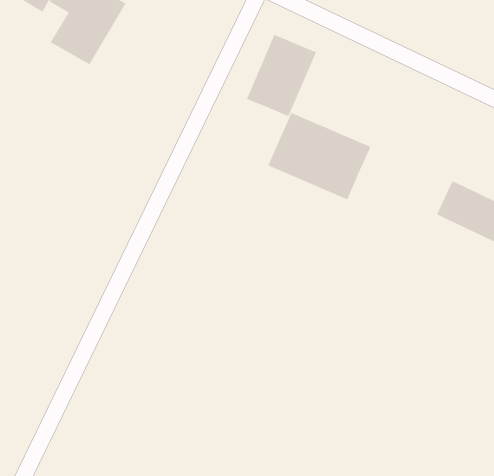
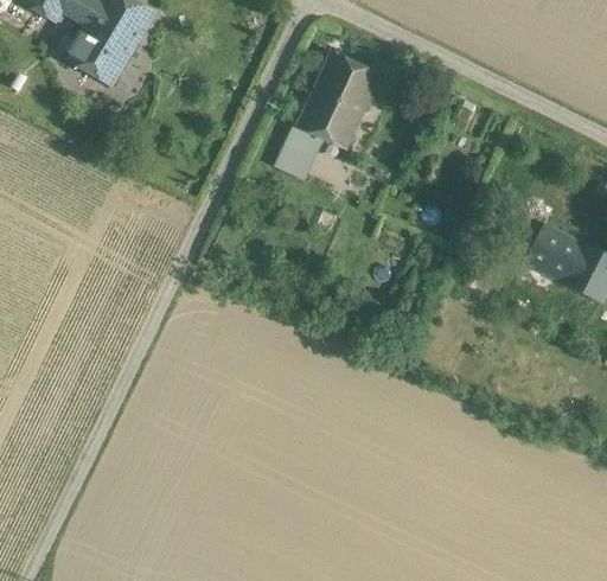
building: none -> [280,126,324,178]
building: [267,112,371,200] -> none

